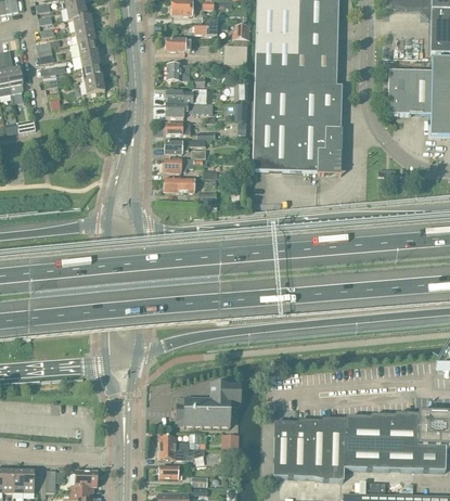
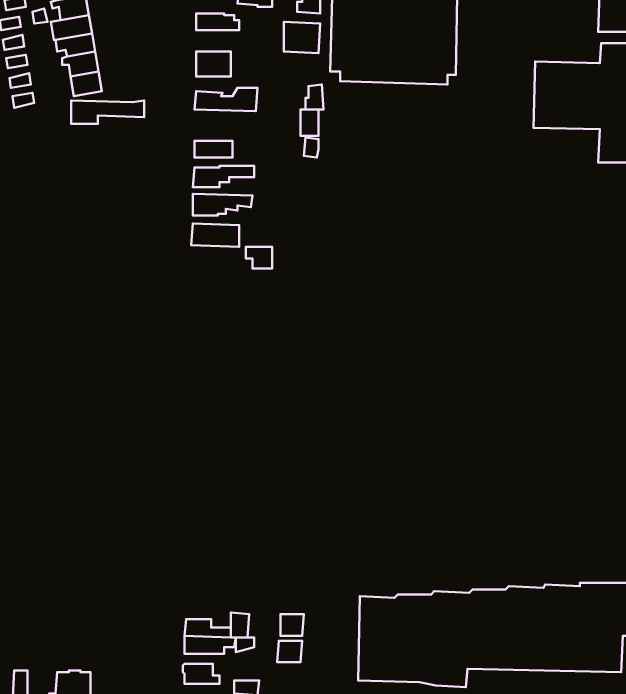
building: [252,84,342,174] -> none
building: [165,102,213,117] -> [71,101,144,124]
building: [176,383,237,426] -> none

